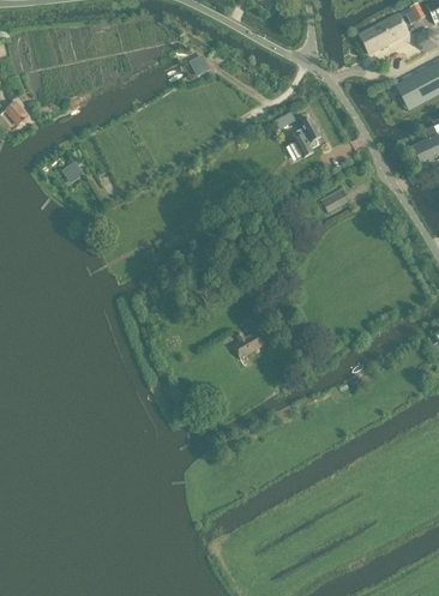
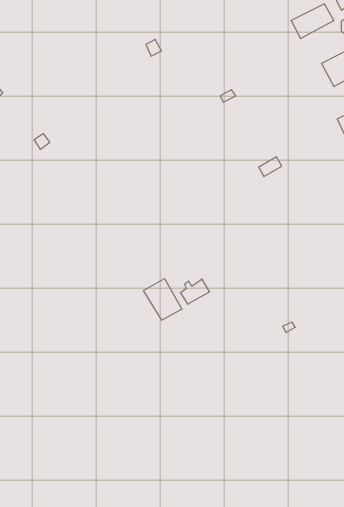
building: [290,118,320,157] -> none
building: none -> [144,279,182,320]

